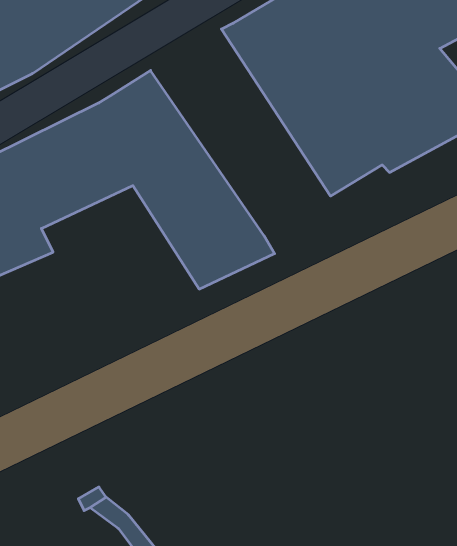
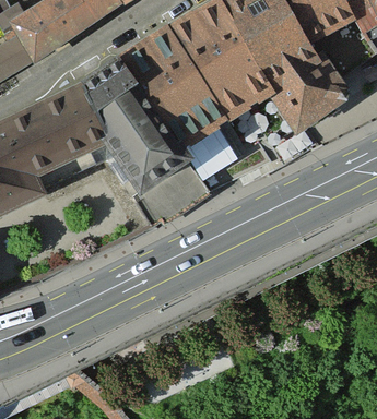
building: none -> [116,28,249,181]

